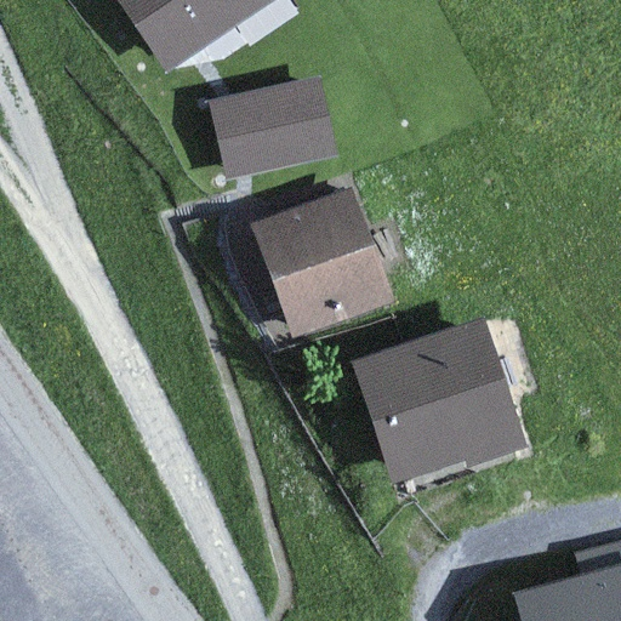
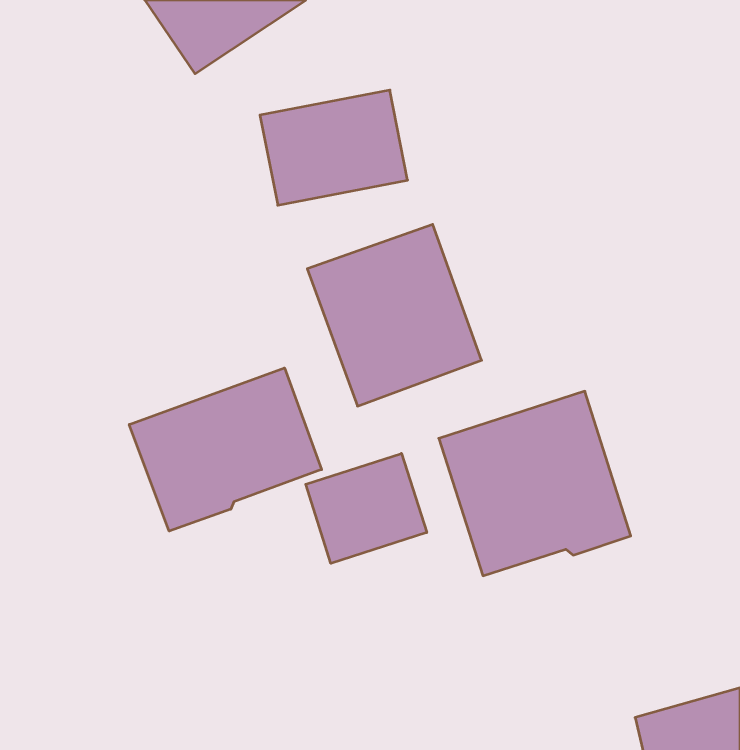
building: none -> [129,368,322,531]
building: none -> [306,453,427,563]

